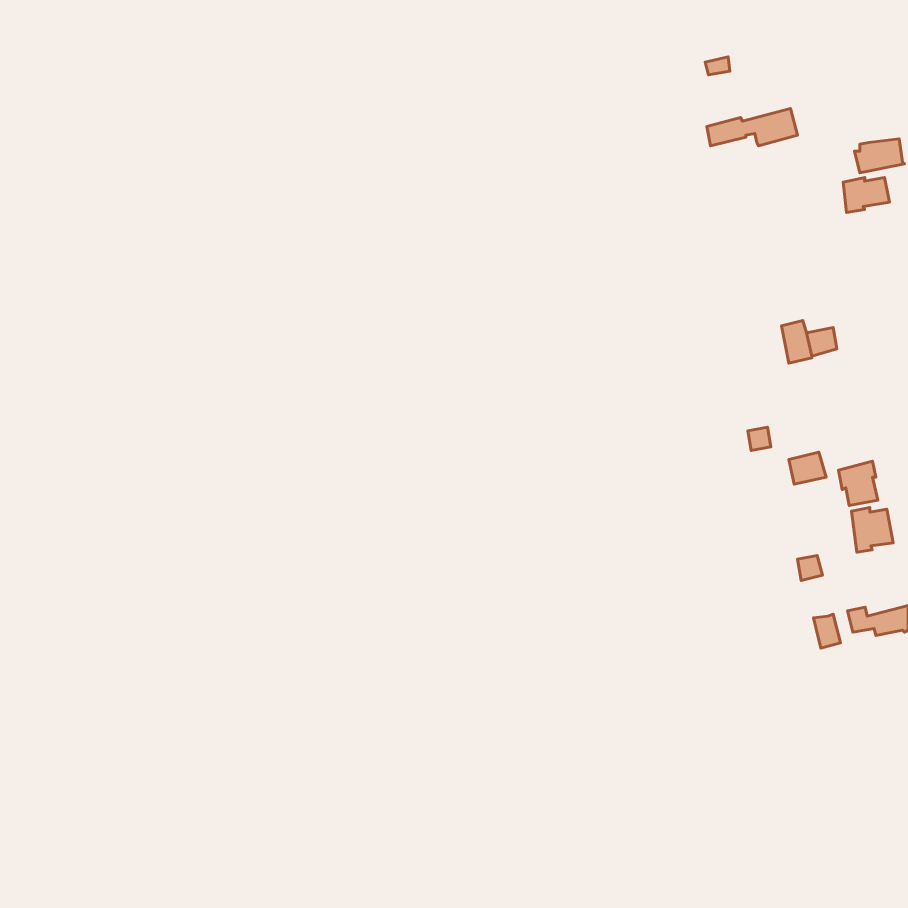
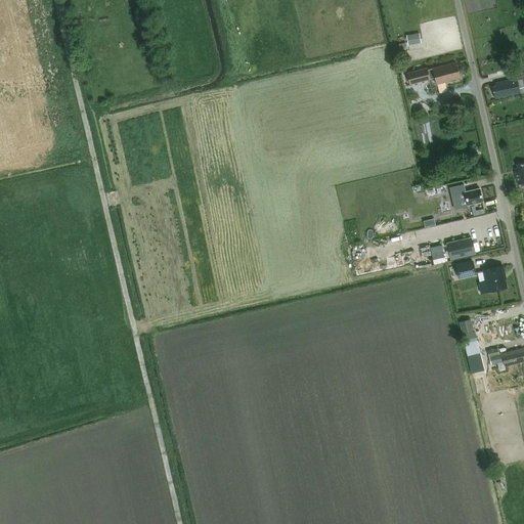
building: [843,177,889,212] -> none
building: none -> [445,237,475,261]
building: [851,507,893,552] -> none

